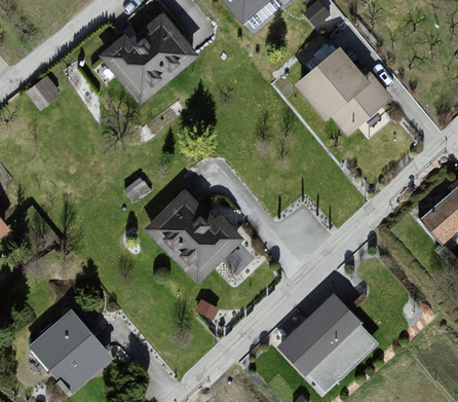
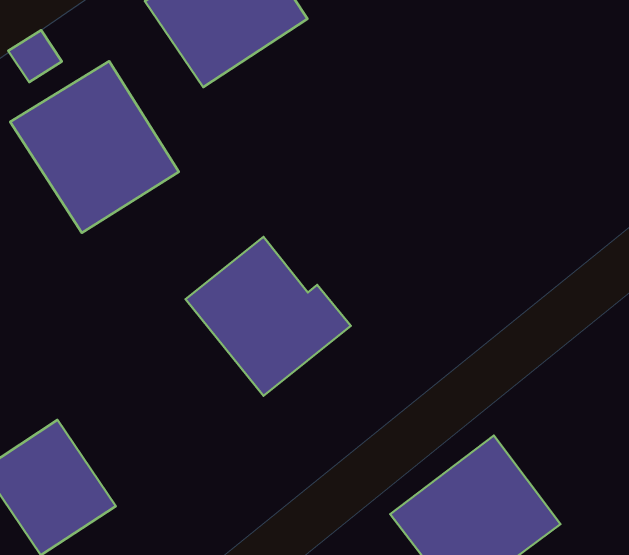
building: [278,44,385,137] -> none
building: none -> [10,61,179,233]

